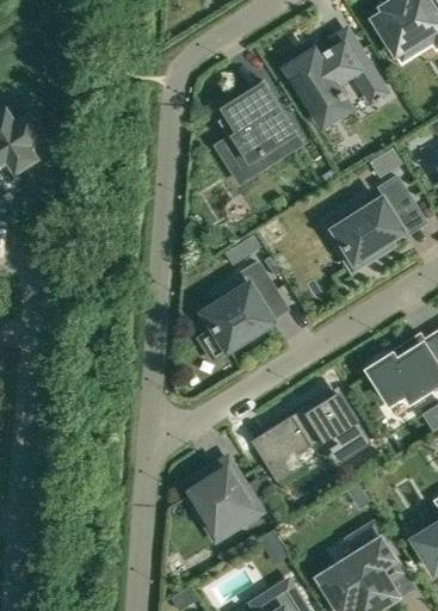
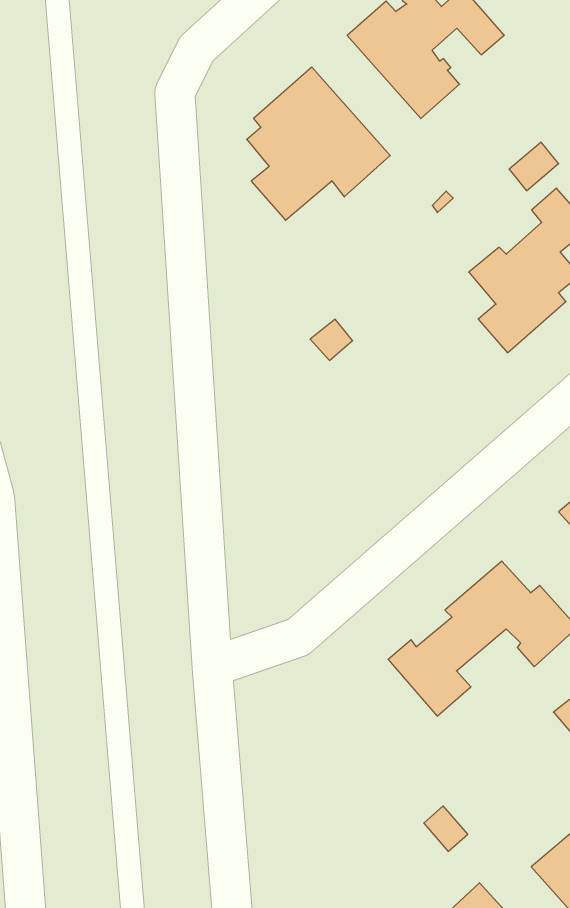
building: [204,264,274,350] -> none
building: [191,458,260,539] -> none

